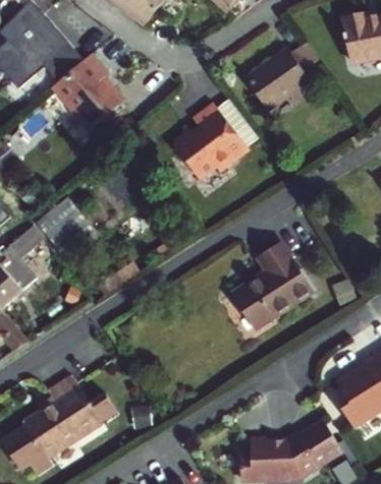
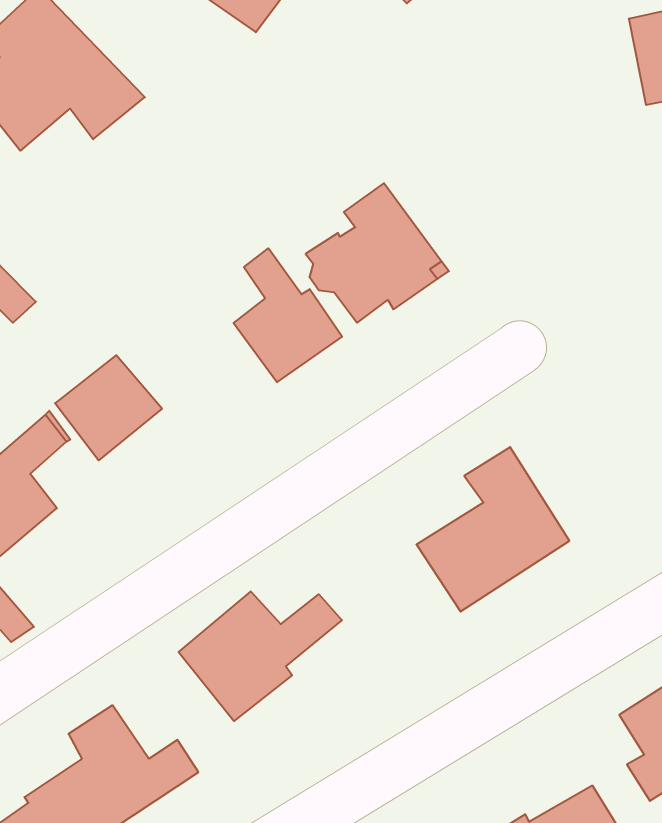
building: [248,40,323,106] -> none
building: [53,49,123,124] -> none
building: none -> [234,248,342,382]
building: none -> [179,591,342,721]

